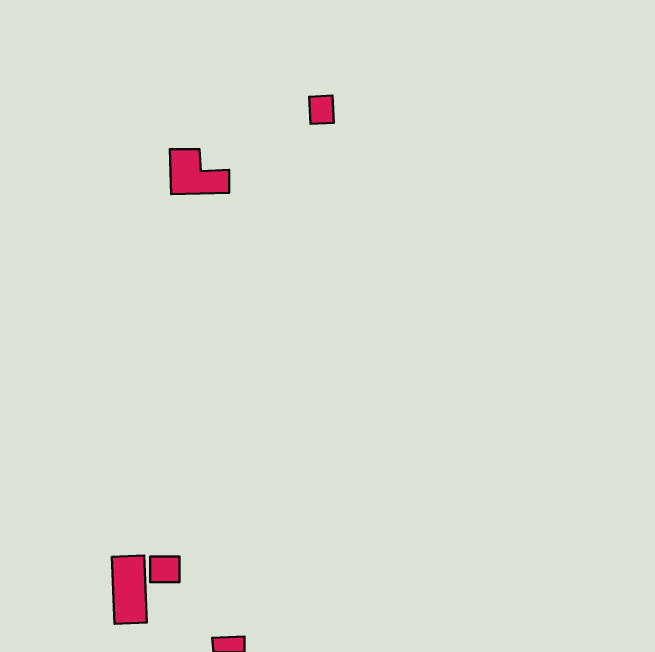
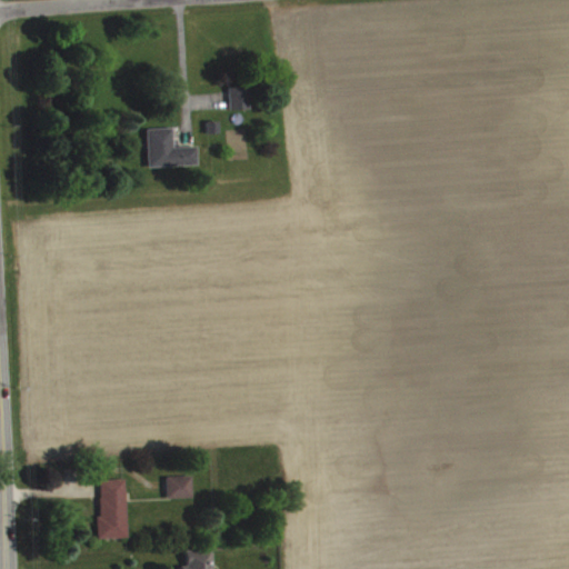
building: [309,96,334,124] -> [229,87,250,111]
building: [150,557,180,582] -> [167,477,192,499]

